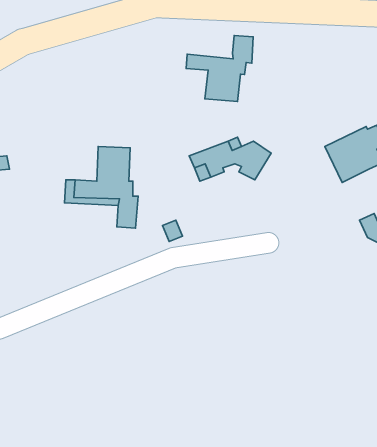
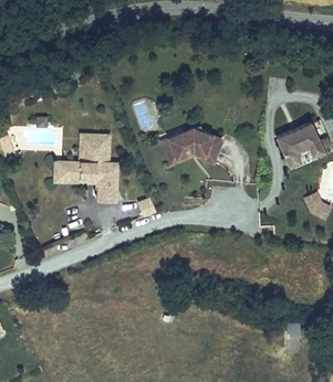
building: [186,35,253,102] -> none

